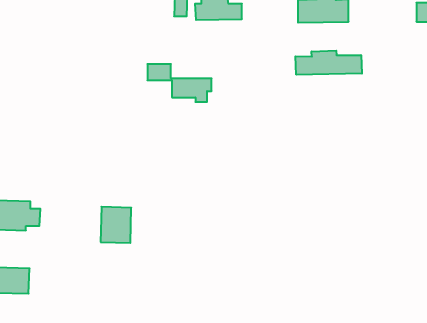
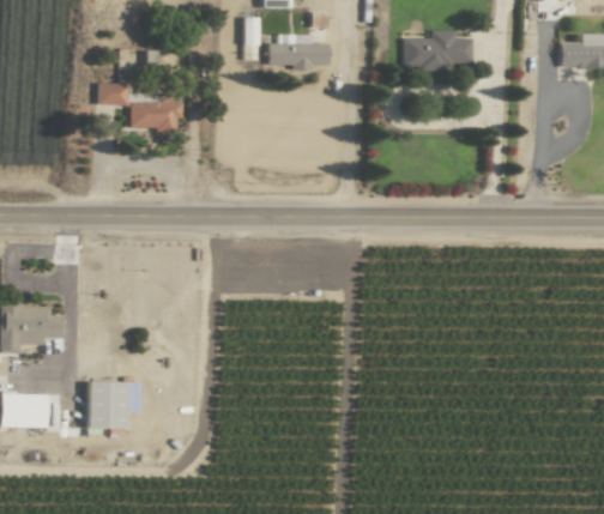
building: [295,51,362,75] -> none
building: [147,64,212,102] -> [97,83,182,133]
building: [101,207,131,243] -> [89,381,129,429]

